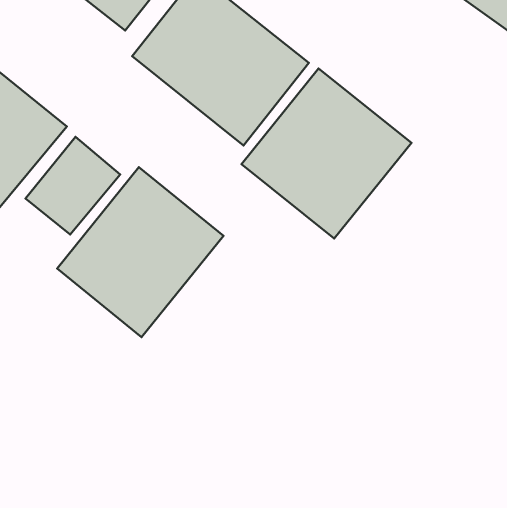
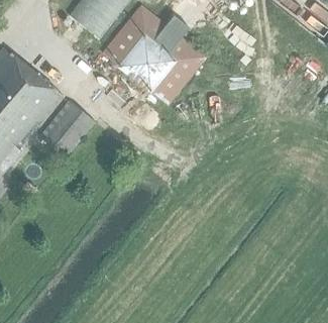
building: [241,68,411,238] -> none
building: [57,167,223,337] -> none

